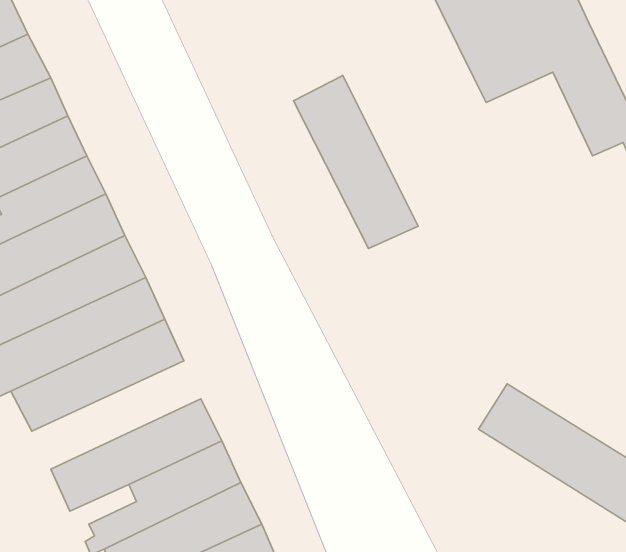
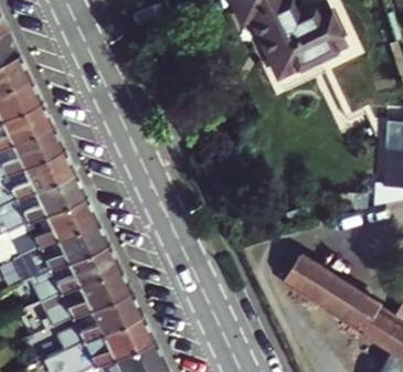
building: [293,75,418,249] -> none
building: none -> [19,242,119,309]

